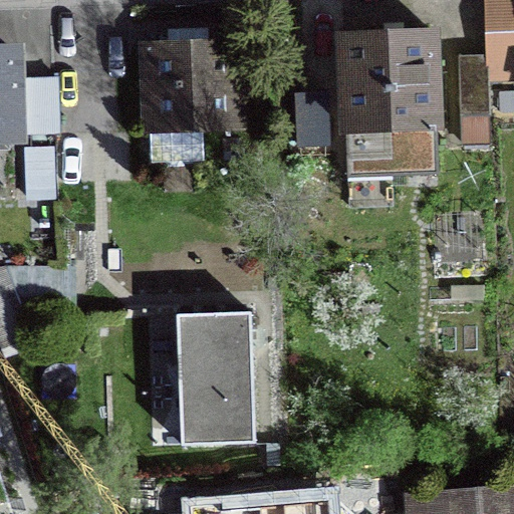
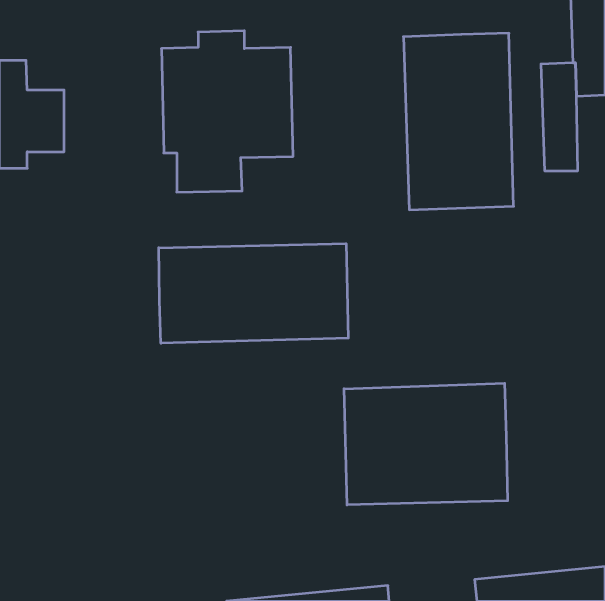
building: none -> [159,244,348,343]
building: [175,314,255,449] -> none
building: none -> [344,383,508,505]

